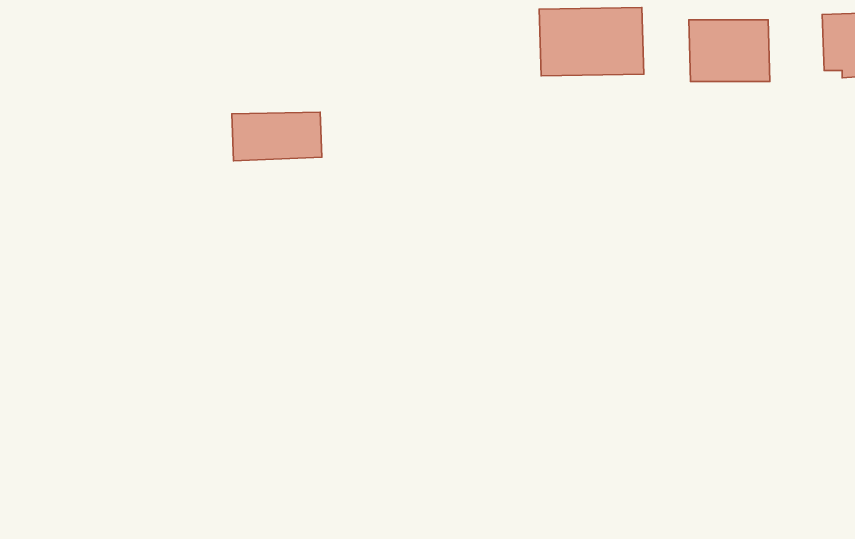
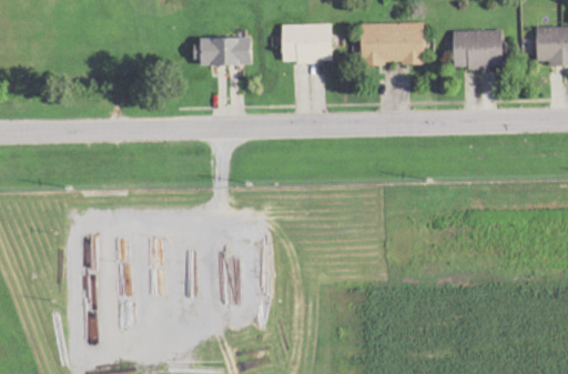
building: none -> [282,23,333,62]
building: [232,112,322,161] -> [196,37,252,67]

